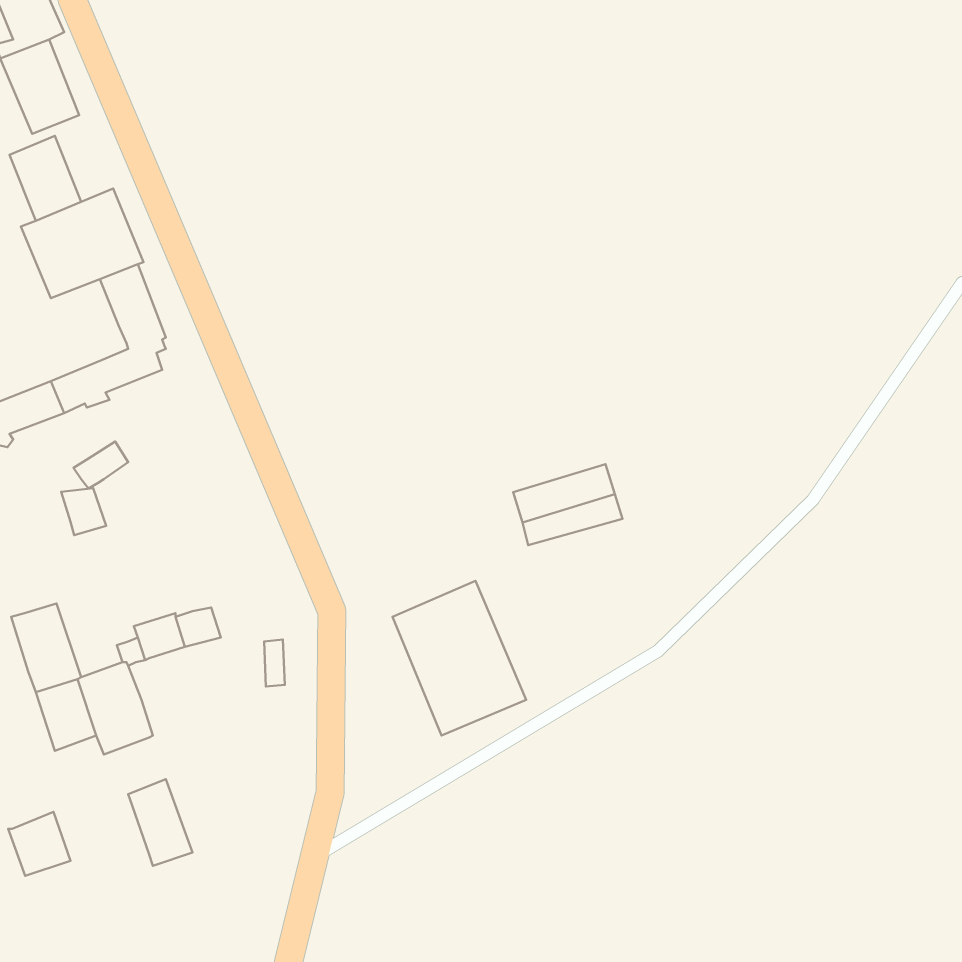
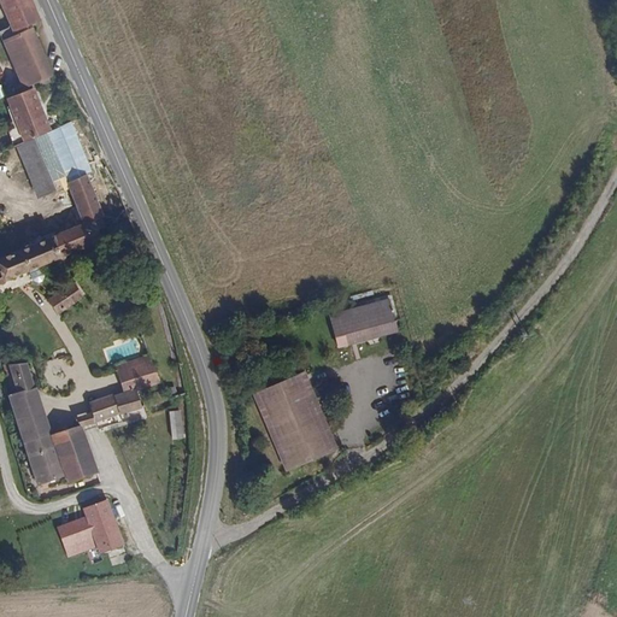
building: [61,488,106,535] -> [7,362,36,392]
building: none -> [113,354,160,390]
building: [8,812,71,876] -> [55,515,95,556]

